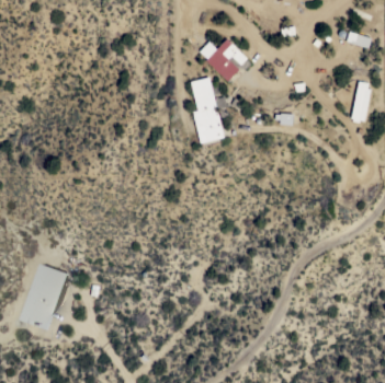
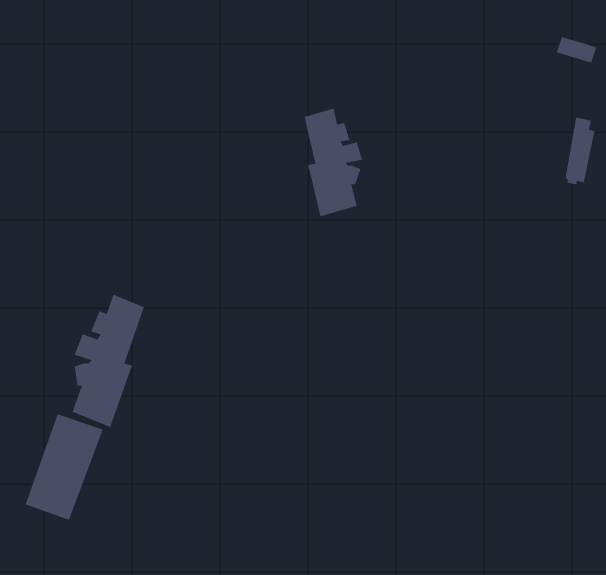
building: [205,40,251,82] -> none
building: none -> [72,294,144,428]

